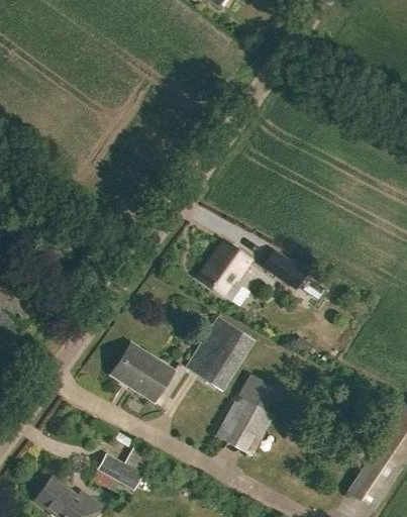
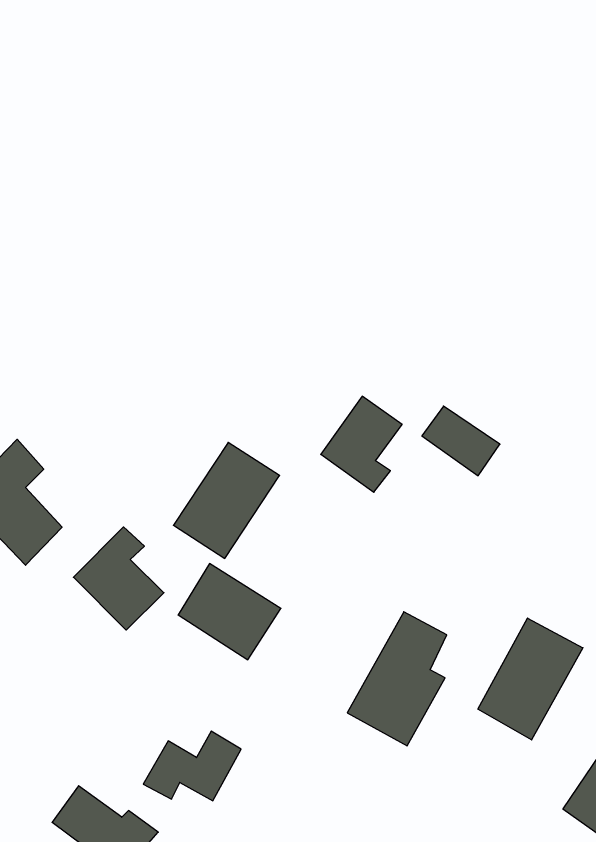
building: [186,317,250,388] -> [173,442,280,558]
building: none -> [73,527,164,630]
building: none -> [478,618,583,740]

